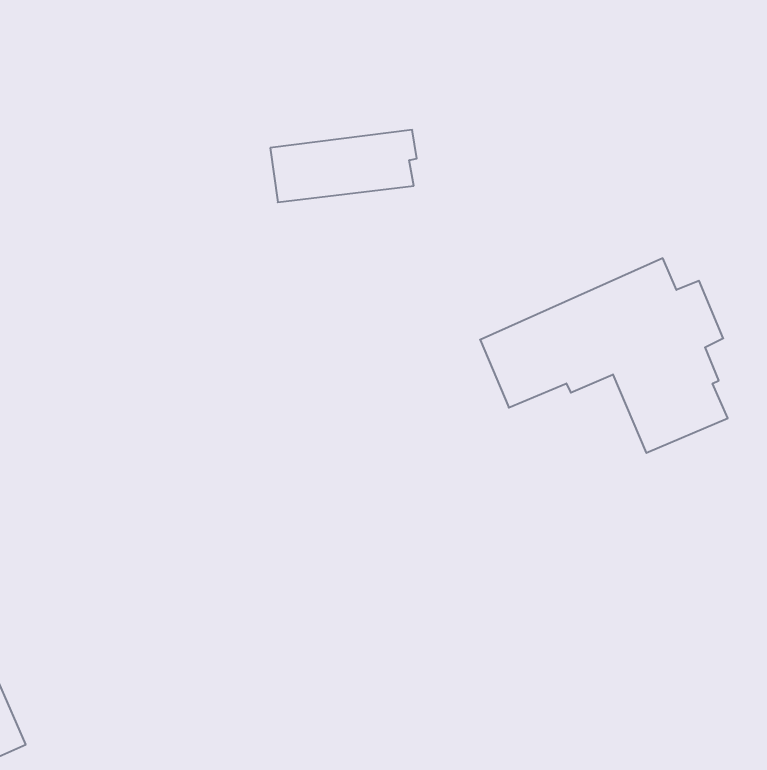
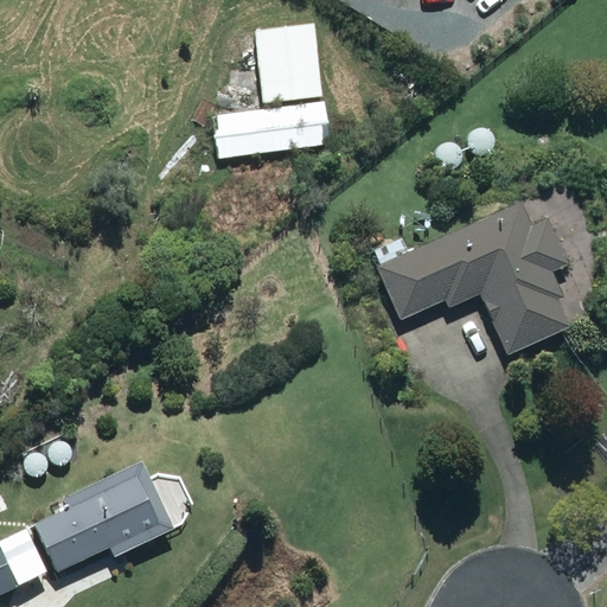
building: none -> [257,26,322,103]
building: none -> [34,456,175,568]

